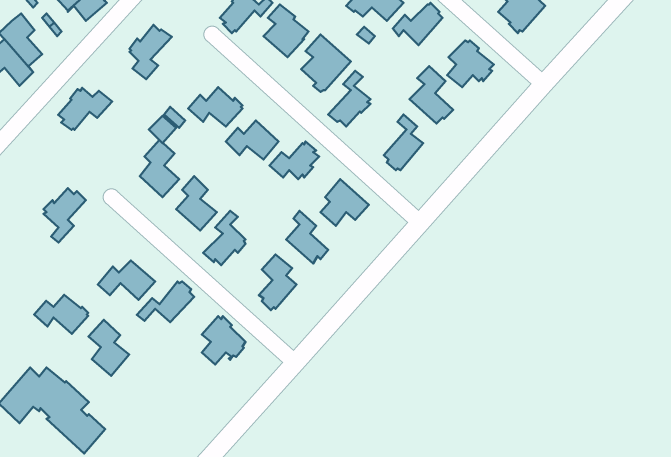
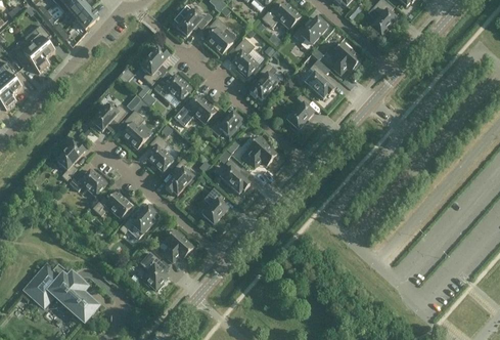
building: [130,25,172,79] -> [140,47,169,84]
building: [58,88,112,130] -> [90,102,127,131]
building: [34,295,88,334] -> [69,169,105,196]
building: [89,320,129,376] -> [139,251,167,289]

